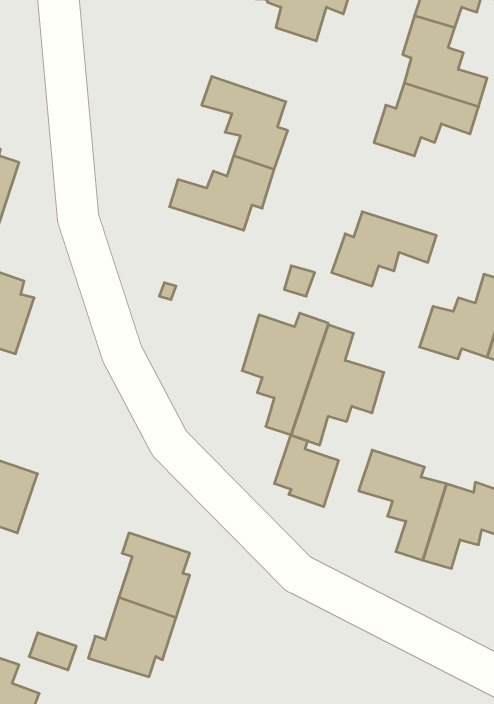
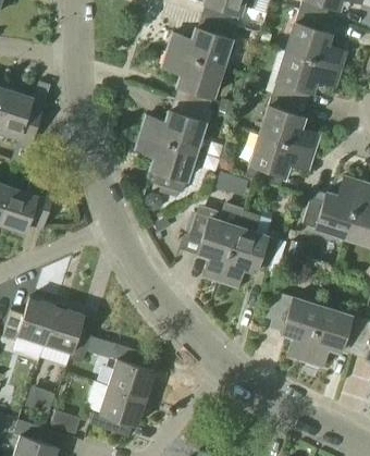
building: none -> [168,19,235,66]
building: none -> [263,93,319,152]
building: none -> [135,134,189,193]
building: [274,435,338,507] -> none
building: none -> [42,306,96,363]

